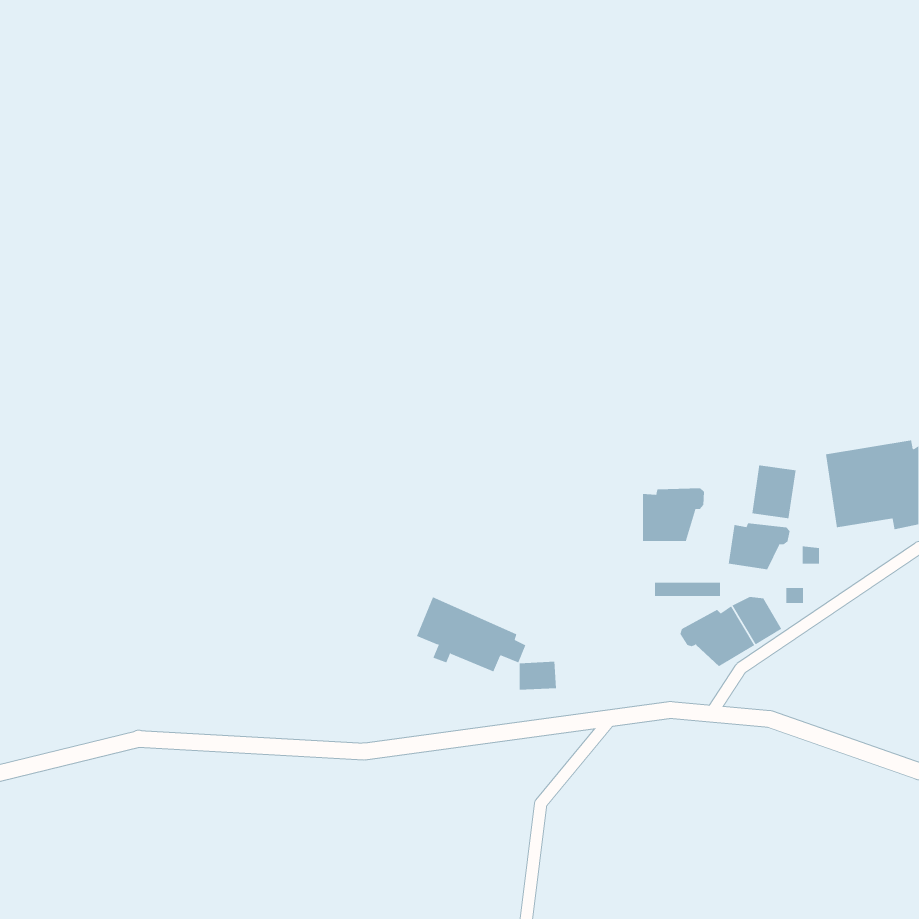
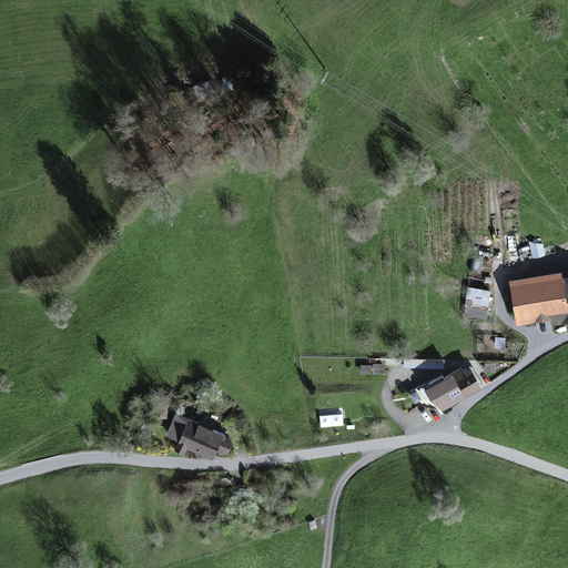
building: [642,488,705,542] -> none
building: [728,522,790,570] -> none
building: [416,596,526,672] -> [164,412,232,458]

